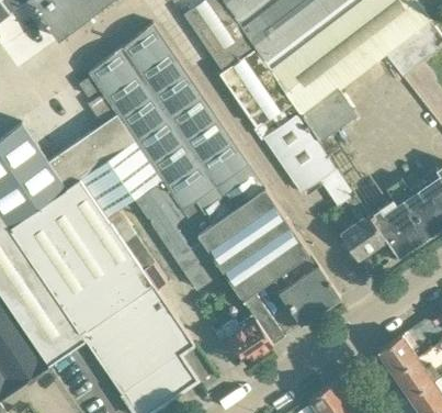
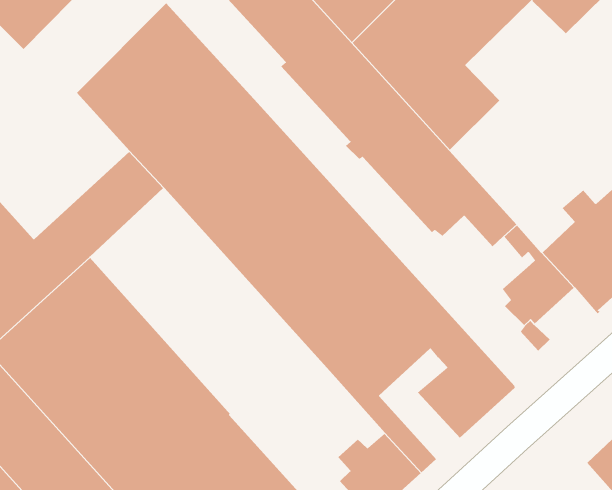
building: [82,142,224,291] -> none

